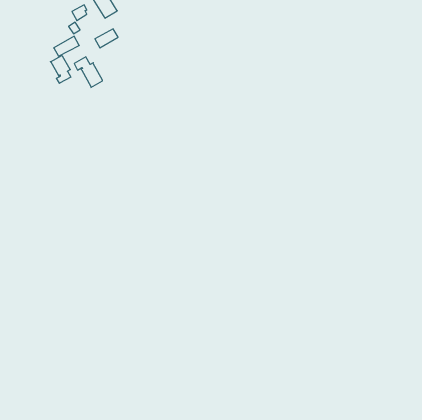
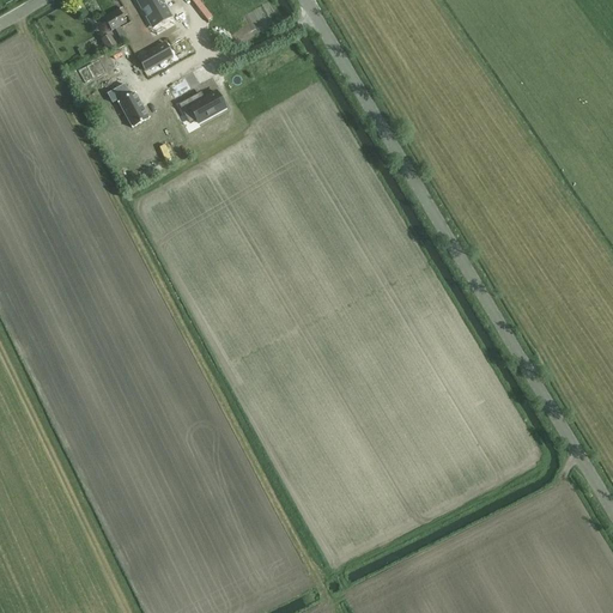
building: [50,56,71,83] -> none
building: none -> [178,90,225,122]

